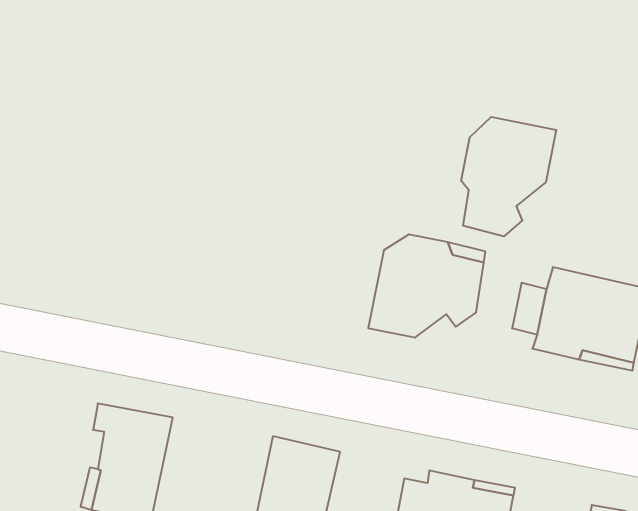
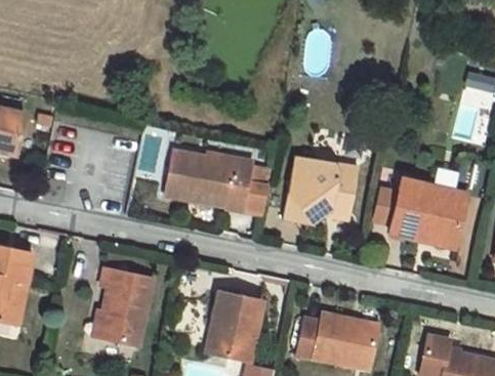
building: [461,117,556,236] -> none
building: none -> [164,150,270,215]

